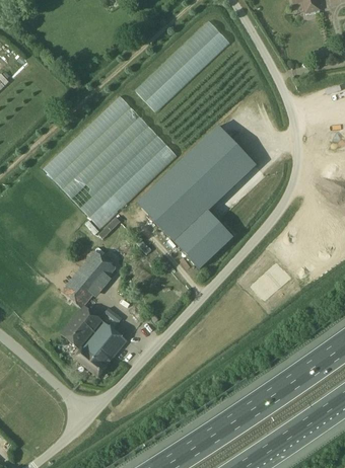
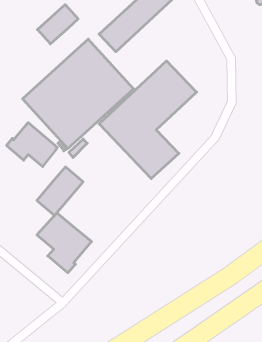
building: none -> [37,5,78,44]
building: none -> [7,123,57,167]

